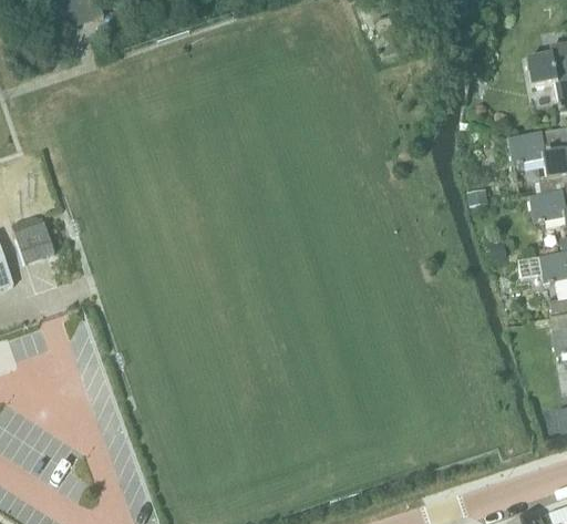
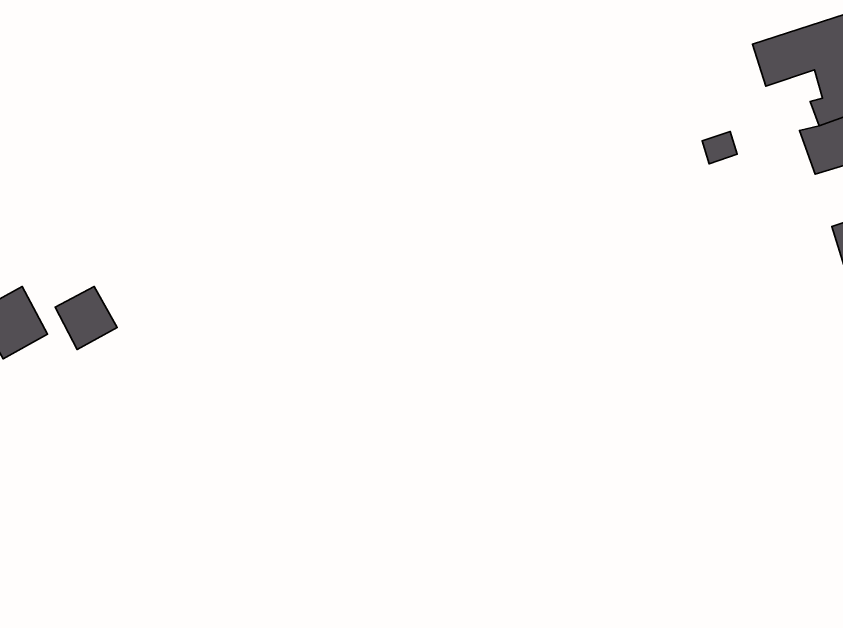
building: none -> [55,287,117,349]

